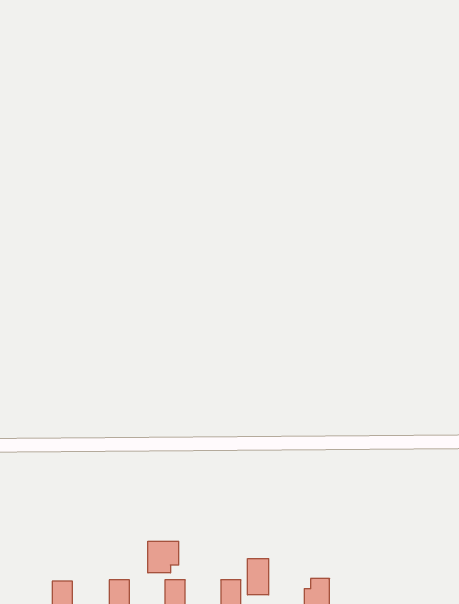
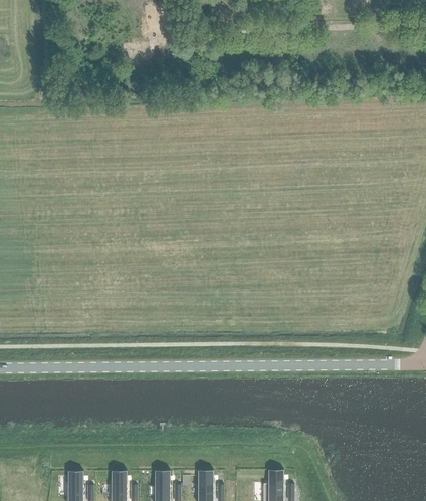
building: [148,541,179,573] -> none
building: [248,559,269,595] -> none

